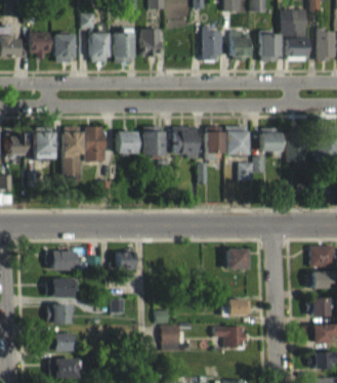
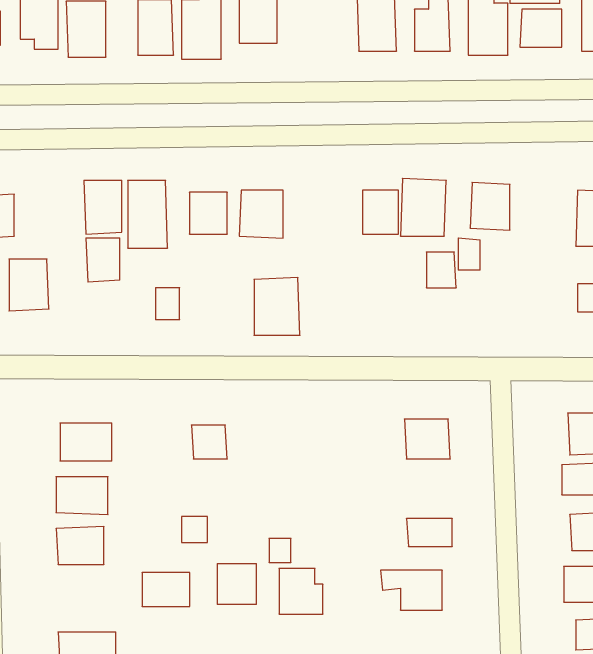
building: [173,126,197,156] -> [254,278,300,335]
building: [34,132,54,159] -> [9,259,49,311]
building: [286,132,306,168] -> none
building: none -> [217,564,256,604]
building: [48,334,73,351] -> [142,573,190,606]

